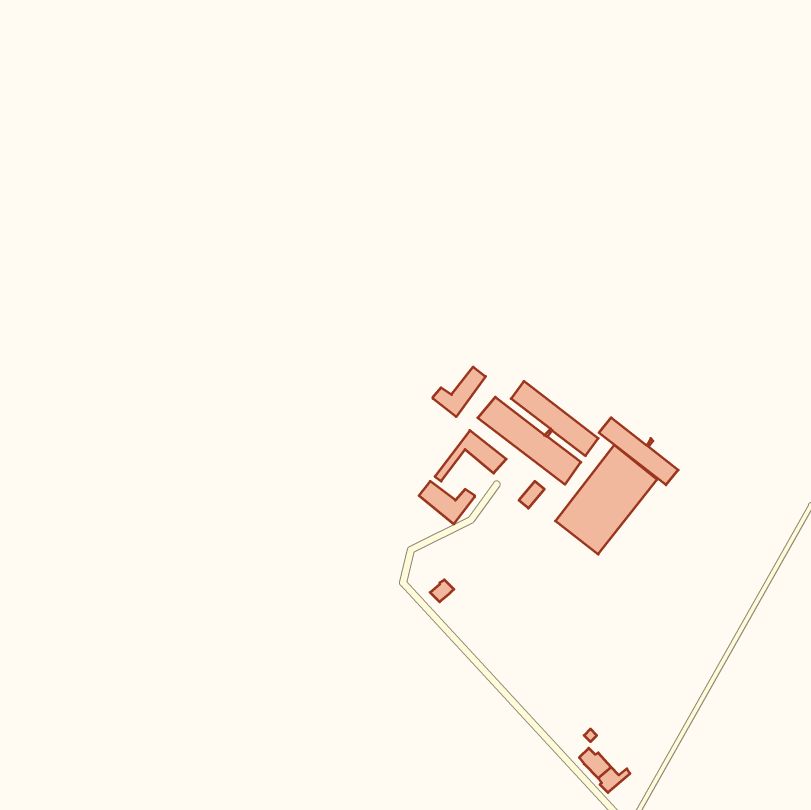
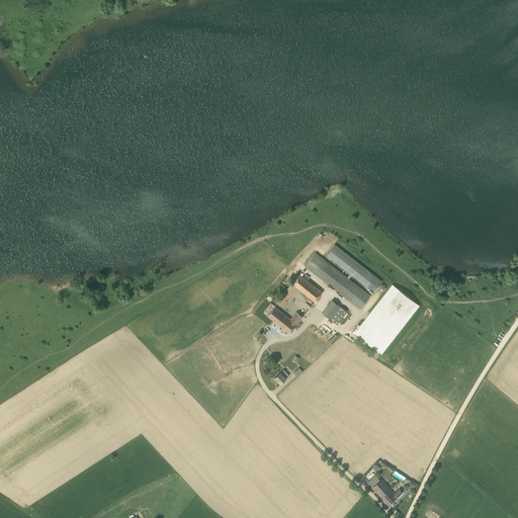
building: [433,367,486,417] -> none
building: [599,418,678,485] -> none

